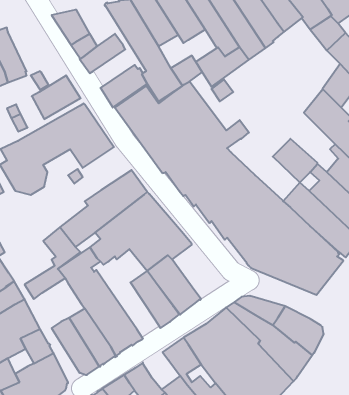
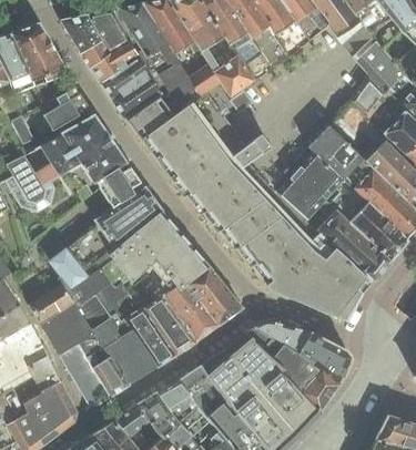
building: none -> [85,11,126,54]
building: none -> [11,25,63,81]
building: none -> [100,58,148,99]
building: none -> [307,125,362,178]
building: none -> [95,162,144,207]
building: none -> [276,172,324,219]
building: none -> [187,266,242,323]
building: none -> [101,284,175,366]
building: none -> [40,301,94,355]
building: none -> [156,380,196,420]

